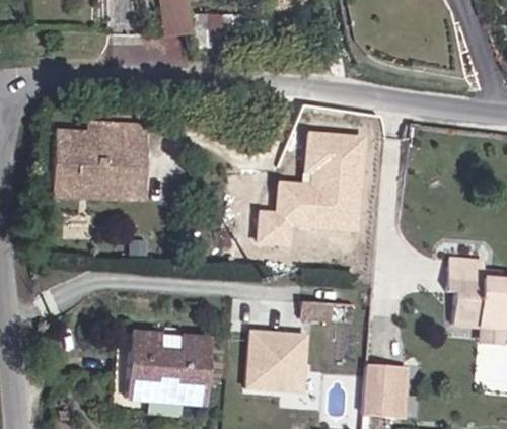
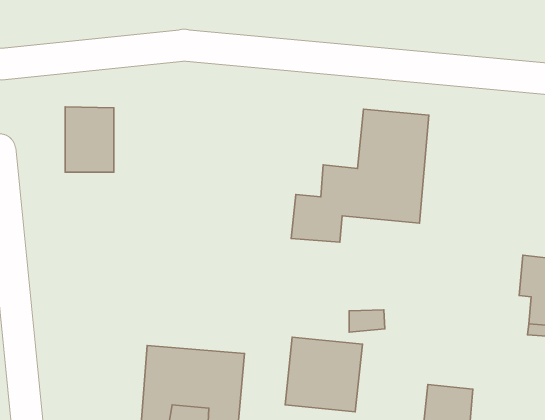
building: [100,131,150,186] -> none

